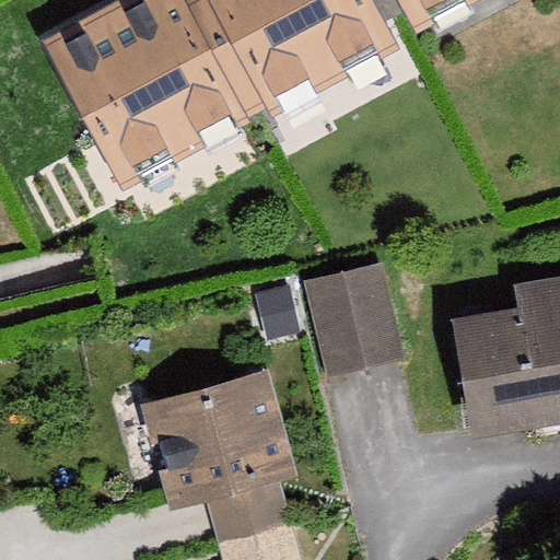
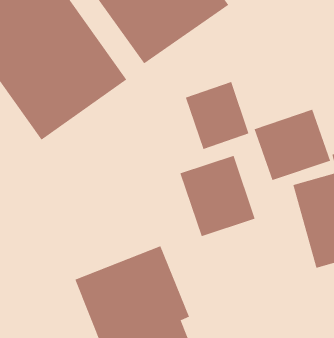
building: none -> [185,81,249,150]
building: none -> [254,109,331,181]

